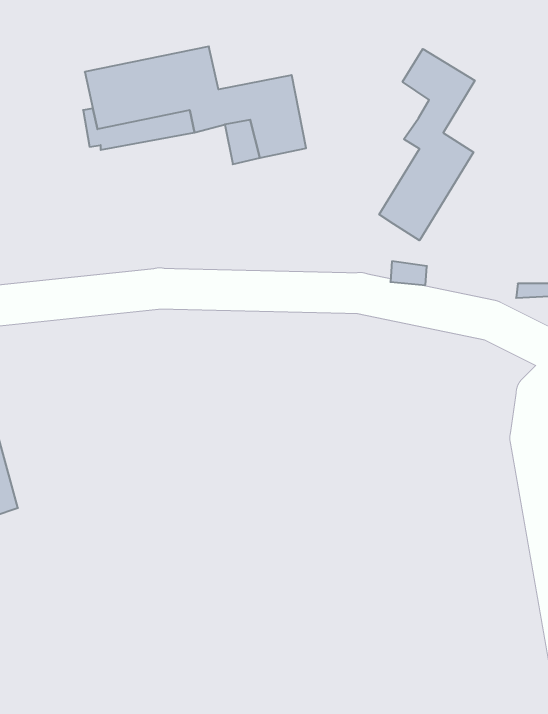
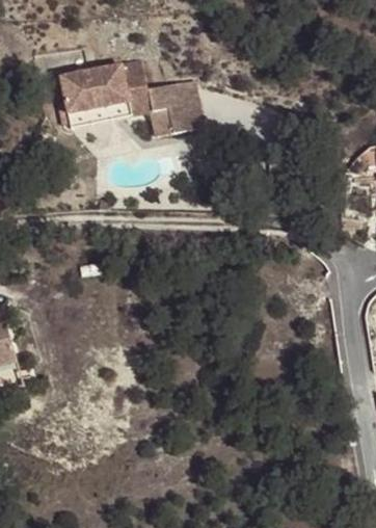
building: [379,49,475,240] -> none

